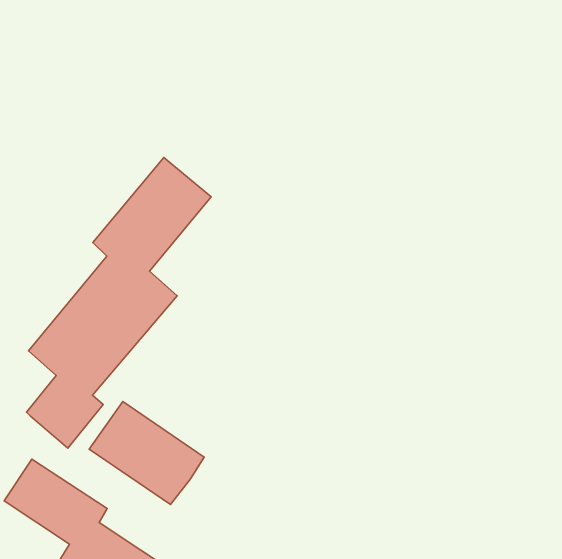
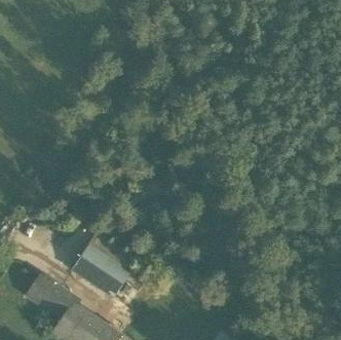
building: [27,158,211,448] -> none

